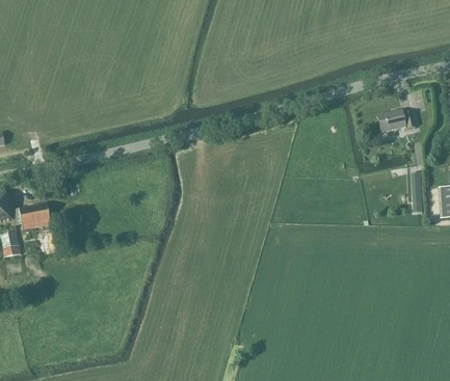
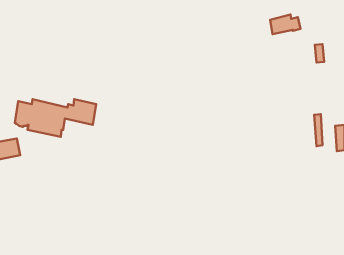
building: [377,108,415,132] -> [270,15,301,34]
building: none -> [15,99,96,137]

